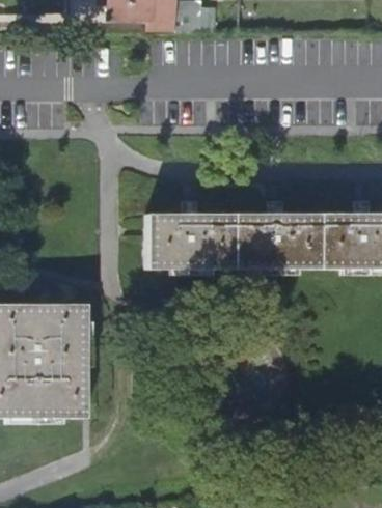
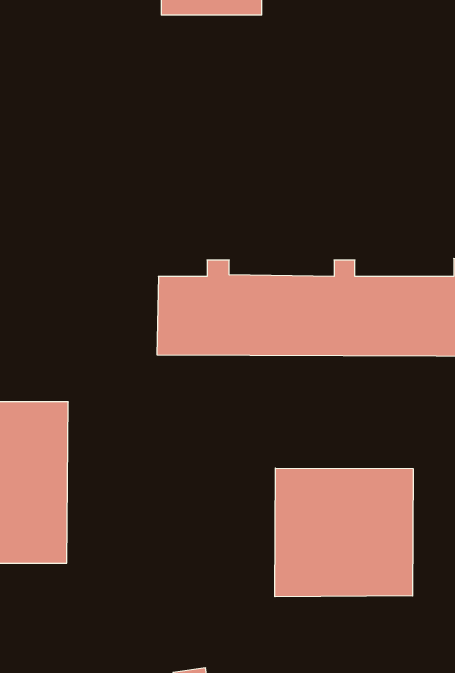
building: none -> [275,468,413,597]

